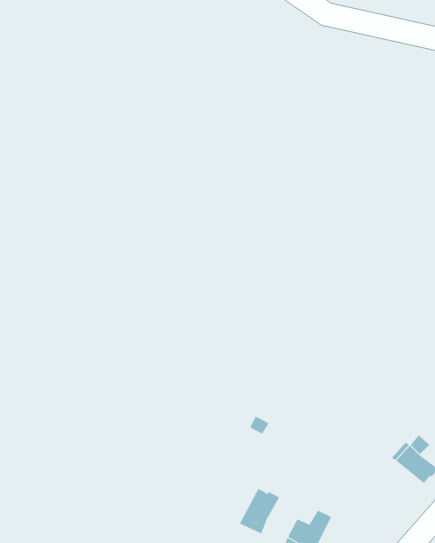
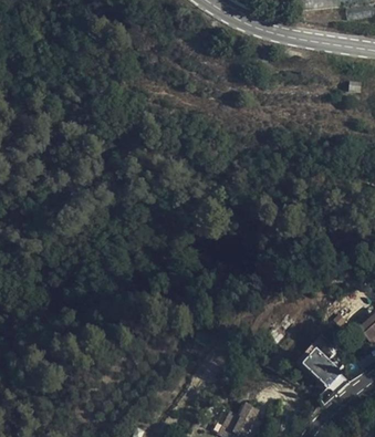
building: [239,488,280,534] -> none

